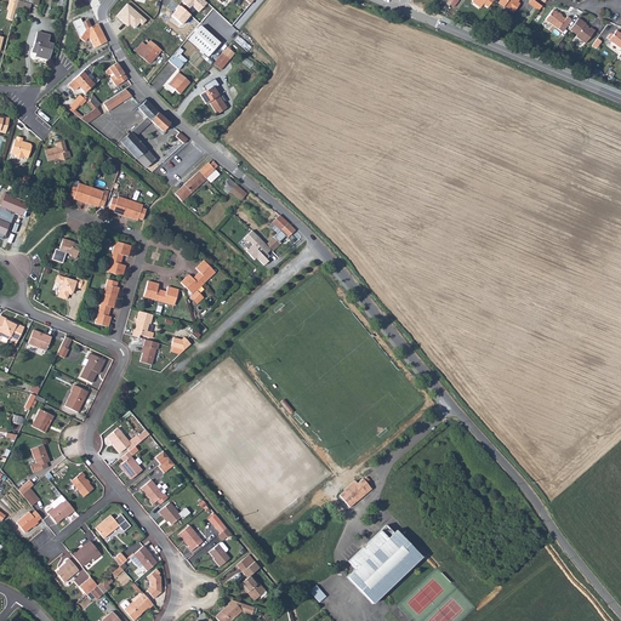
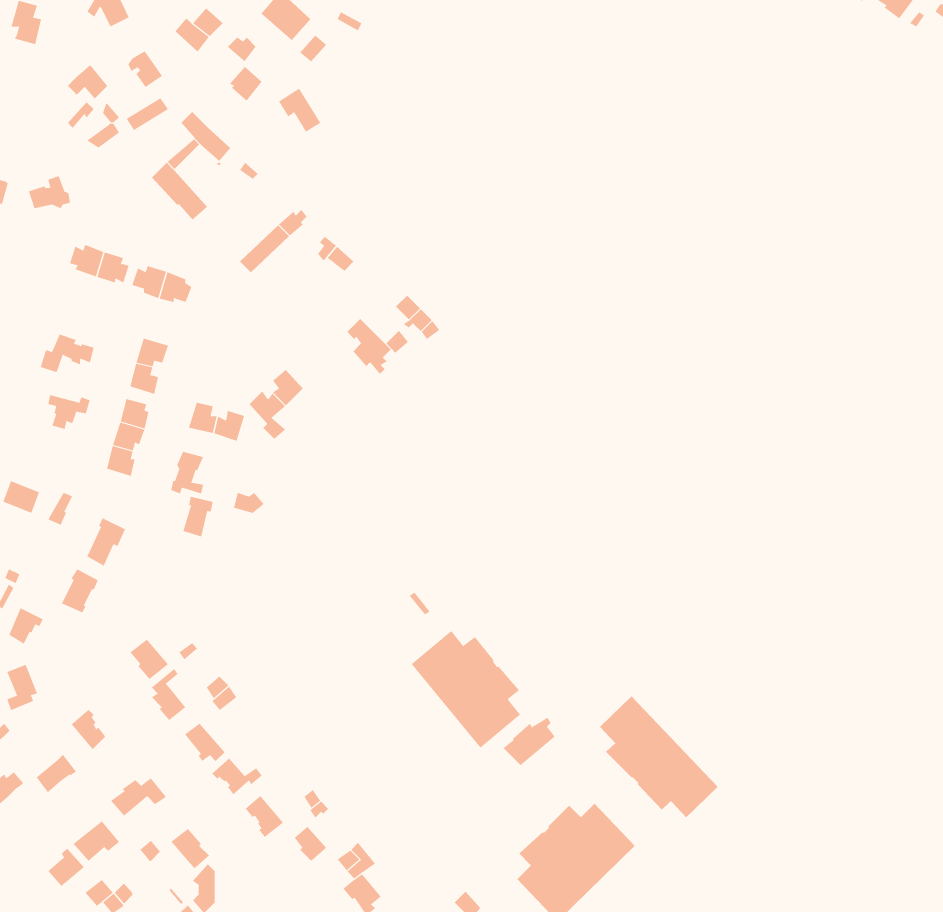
building: none -> [411,630,521,748]
building: none -> [599,696,719,818]

